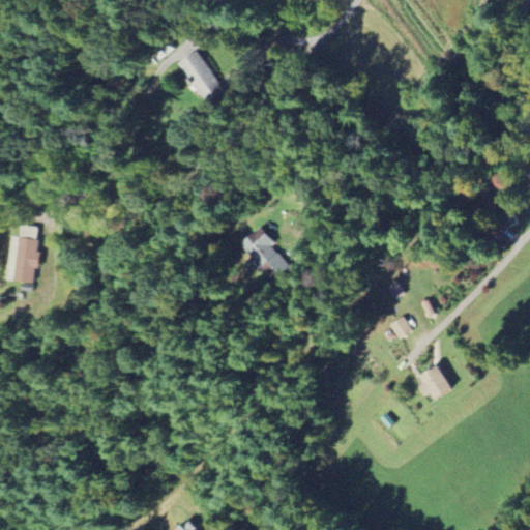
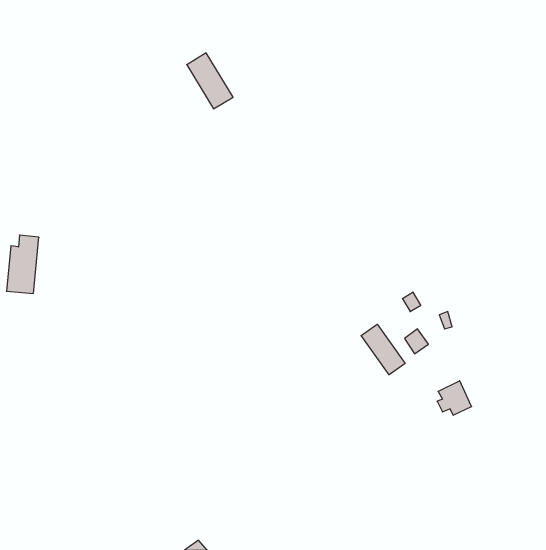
building: [240,228,293,283] -> none
building: none -> [361,324,405,375]

